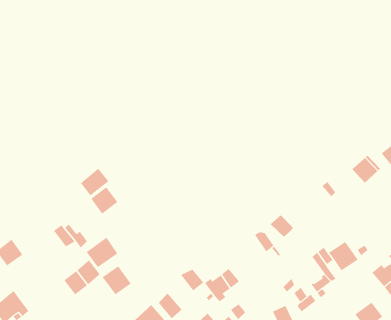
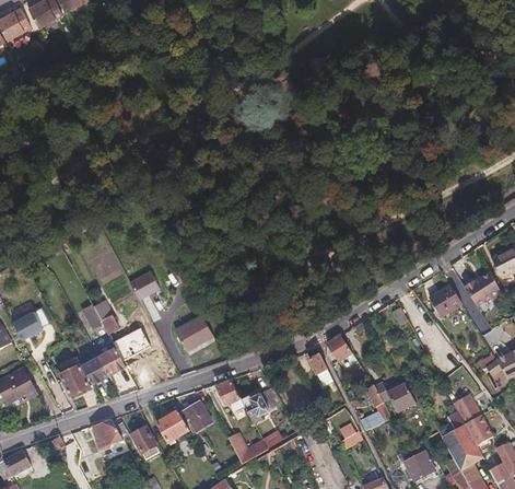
building: [80,168,109,196] -> none
building: none -> [175,314,213,350]
building: [102,265,132,295] -> none
building: none -> [61,365,89,395]

